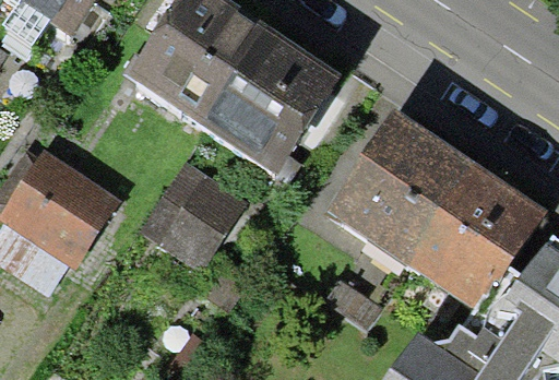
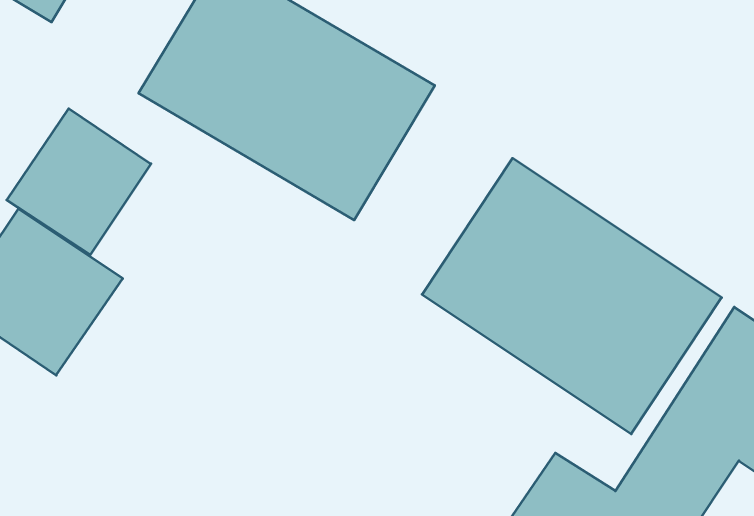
building: none -> [7,109,151,255]
building: [153,174,252,277] -> none

